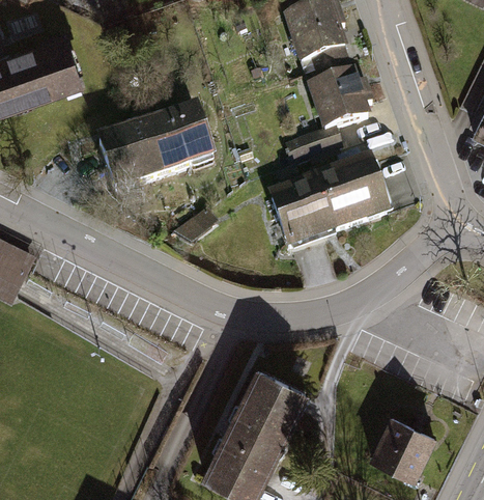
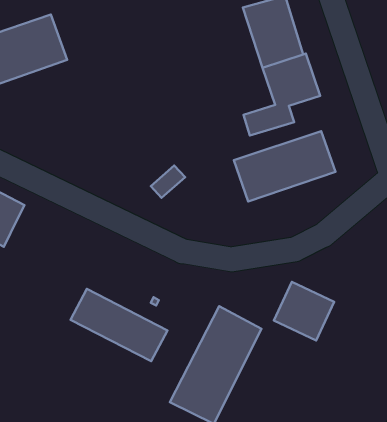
building: [97,105,217,192] -> none
building: none -> [70,289,167,361]
building: [372,417,442,484] -> [274,282,334,341]

